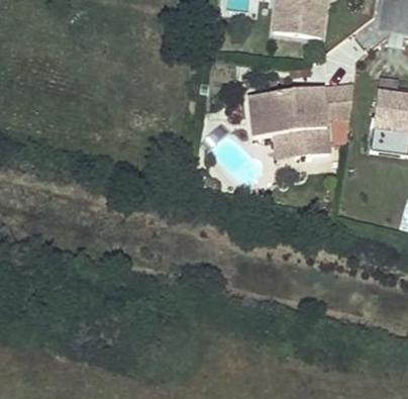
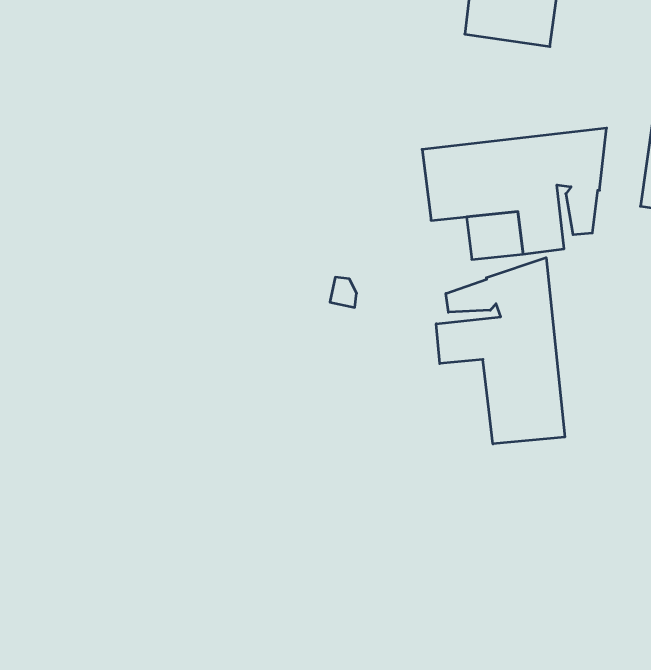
building: none -> [436,258,565,444]

